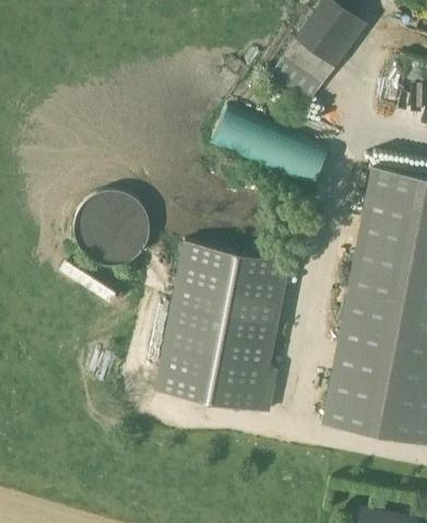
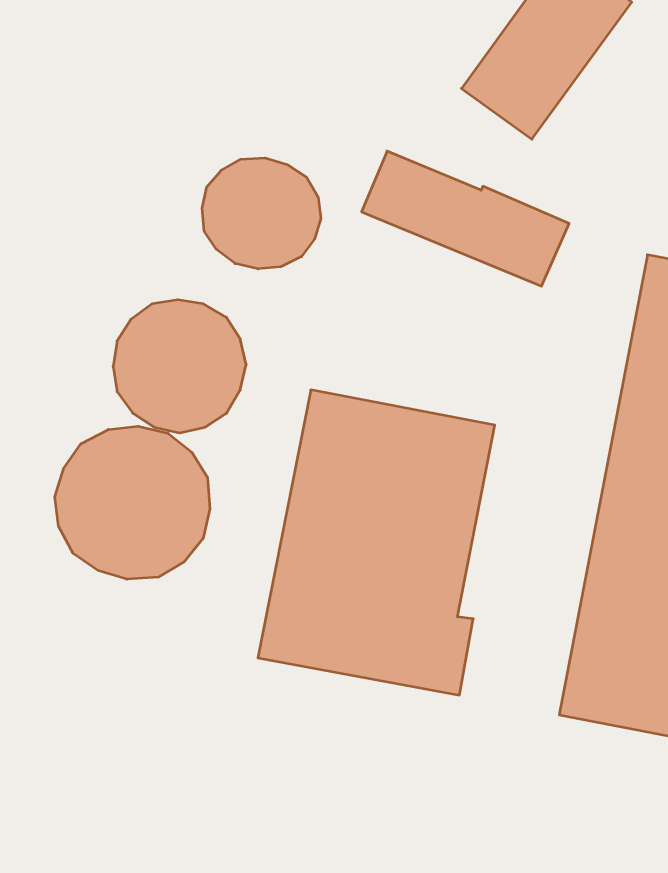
building: none -> [202,158,321,269]
building: none -> [55,426,210,579]

